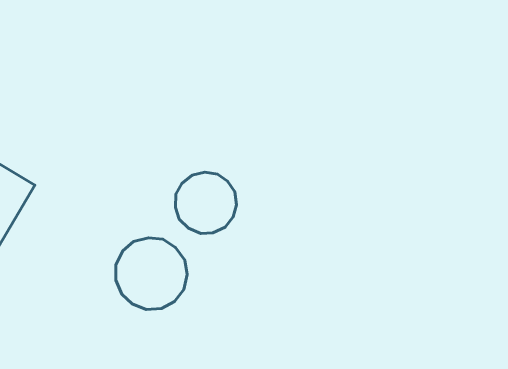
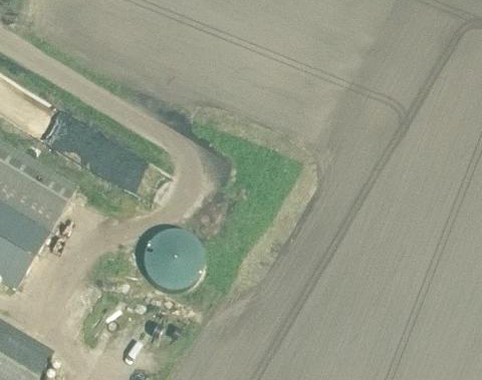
building: [176,172,237,234] -> none

